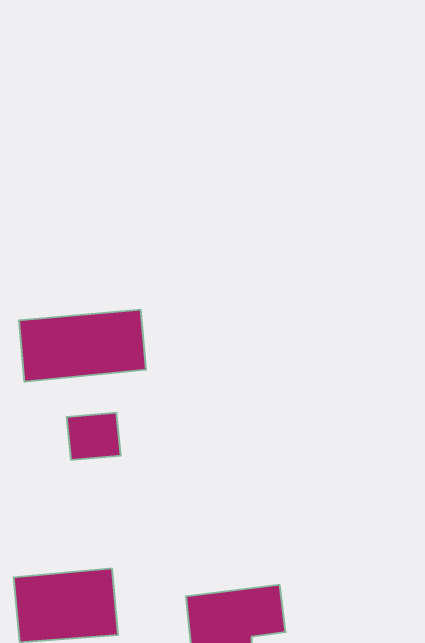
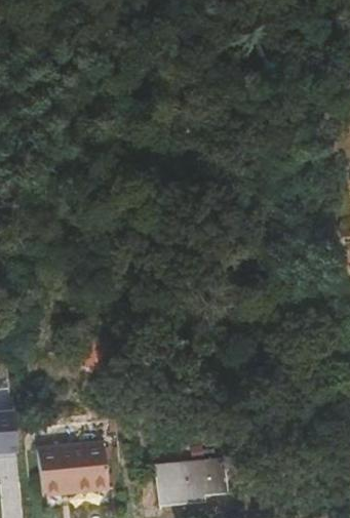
building: [19,310,146,382] -> none

